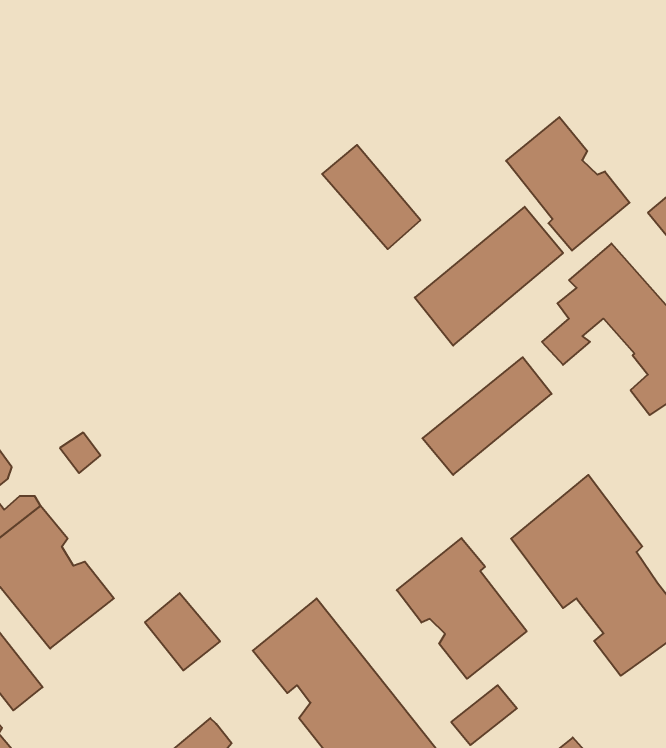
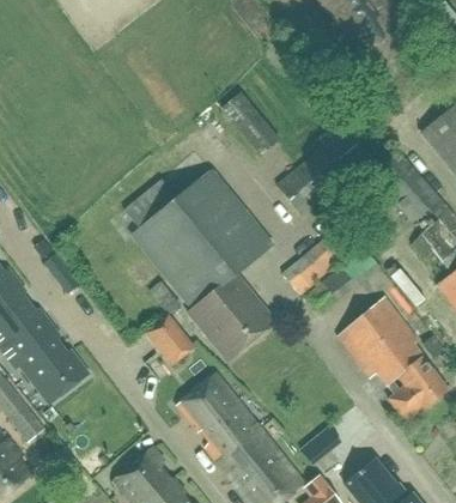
building: [506,117,630,251] -> none
building: none -> [124,170,275,360]
building: [397,538,527,679] -> none
building: [145,593,220,670] -> [147,315,194,363]

